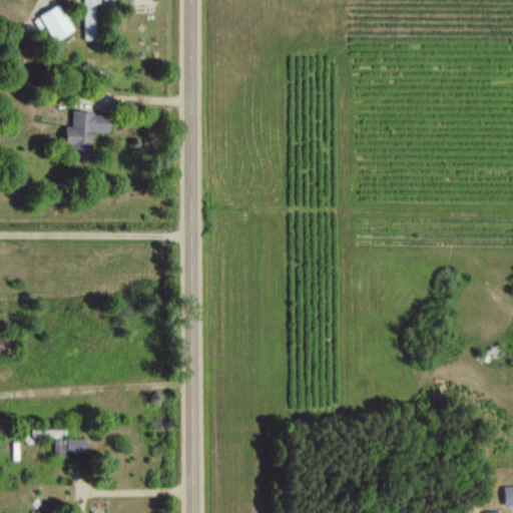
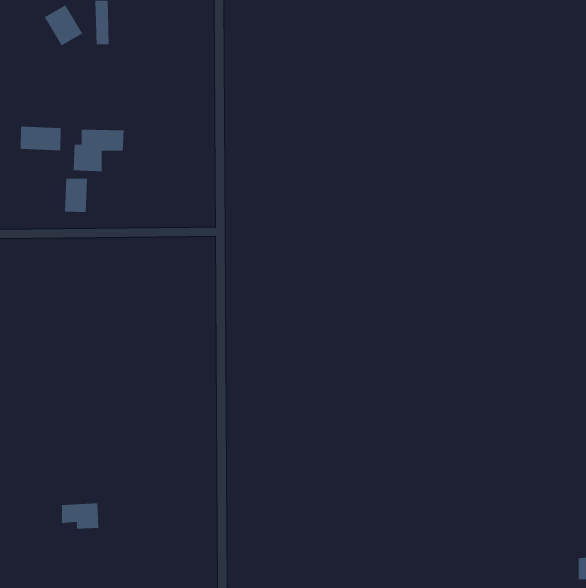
building: none -> [20,126,61,151]
building: none -> [65,178,87,213]

